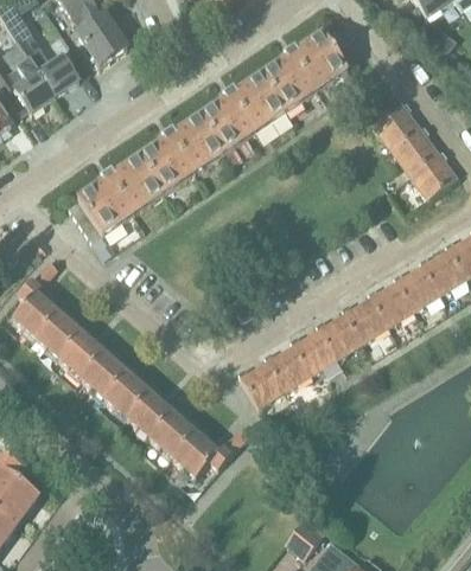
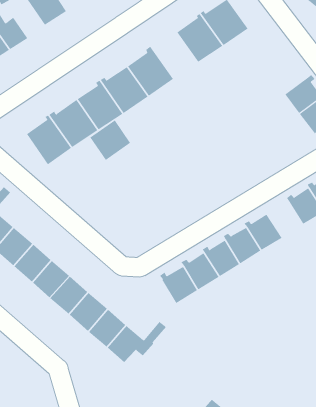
building: [228,73,286,130] -> none
building: [373,101,420,149] -> none
building: none -> [90,119,131,161]
building: [368,280,414,325] -> none

